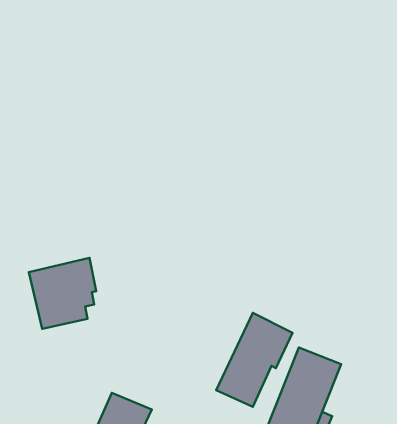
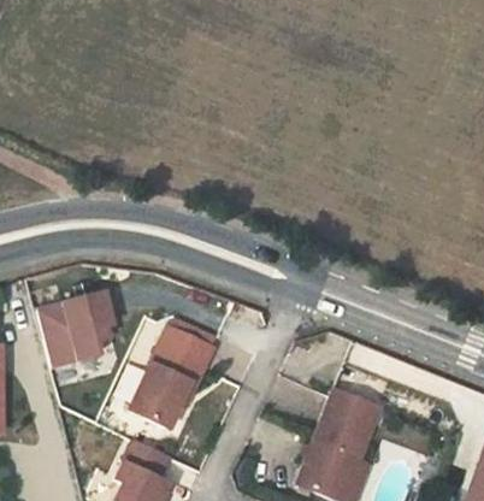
building: [216,313,293,407] -> [132,325,216,428]

